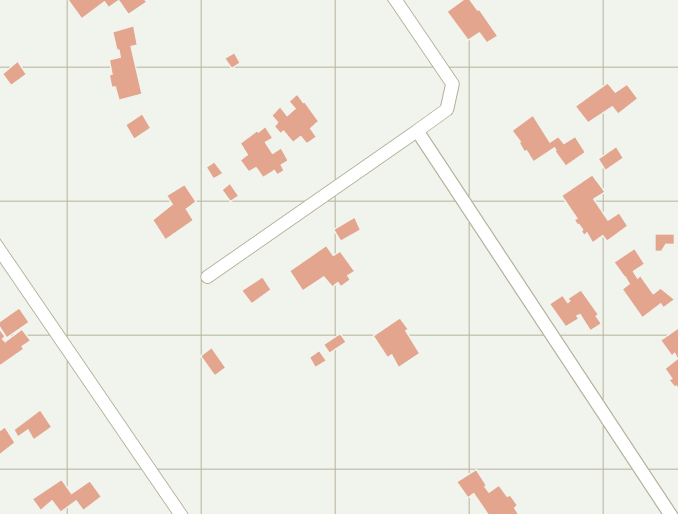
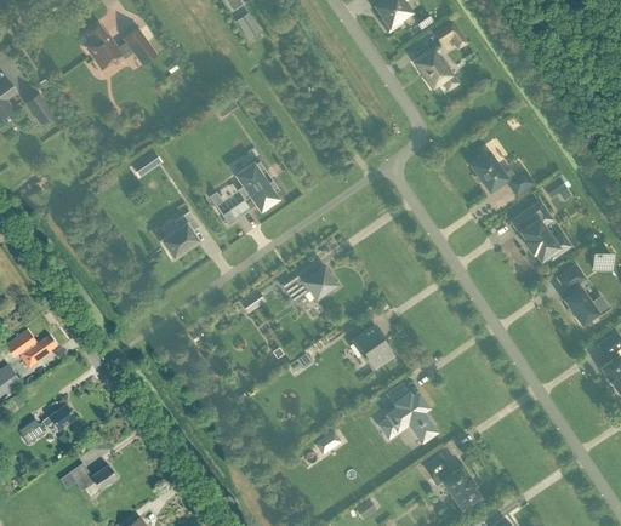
building: [109,26,142,100] -> none
building: [575,83,638,123] -> none
building: [272,94,319,144] -> none
building: [549,290,602,331] -> none
building: none -> [374,382,435,444]

